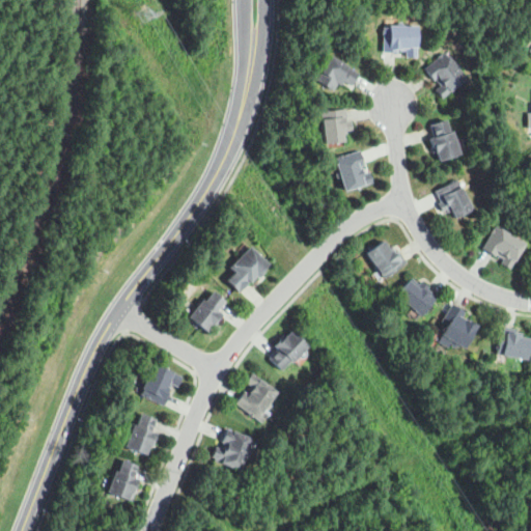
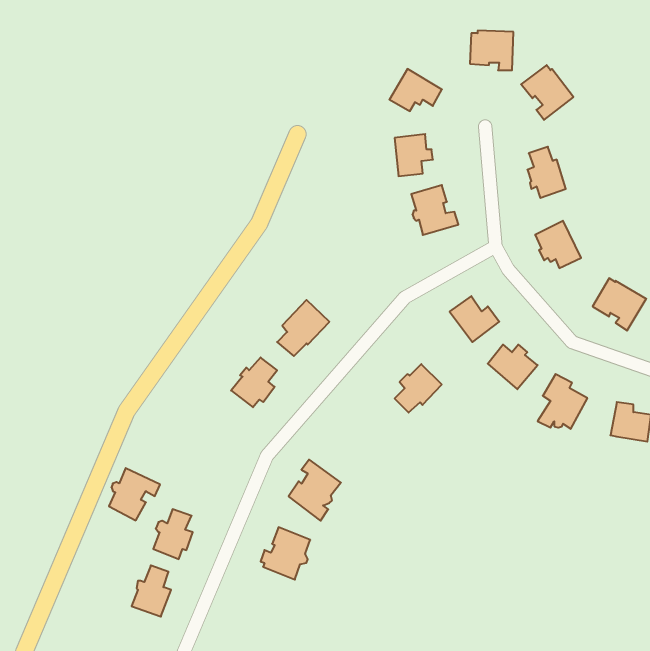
building: [271,331,309,370] -> [395,364,442,413]
building: [142,364,184,407] -> [109,468,160,520]

